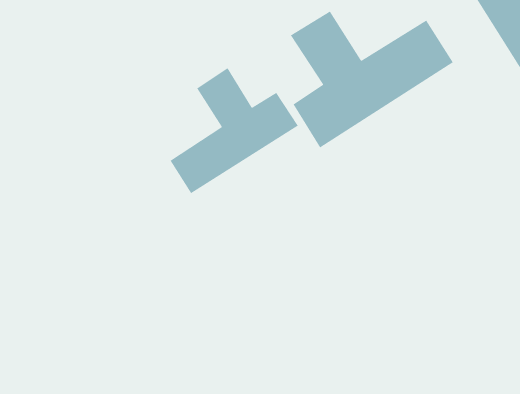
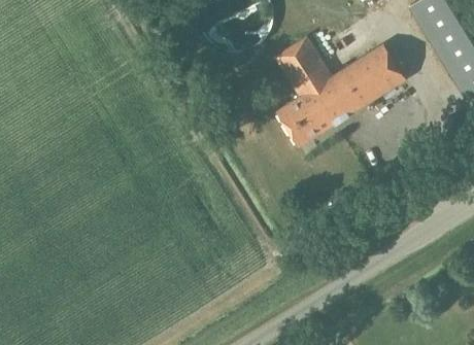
building: [169,67,299,194] -> none

